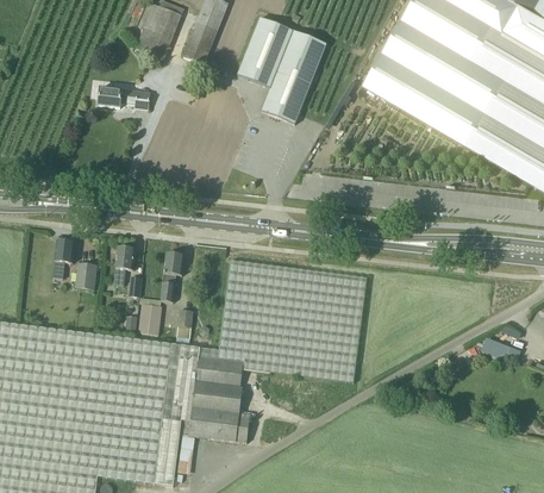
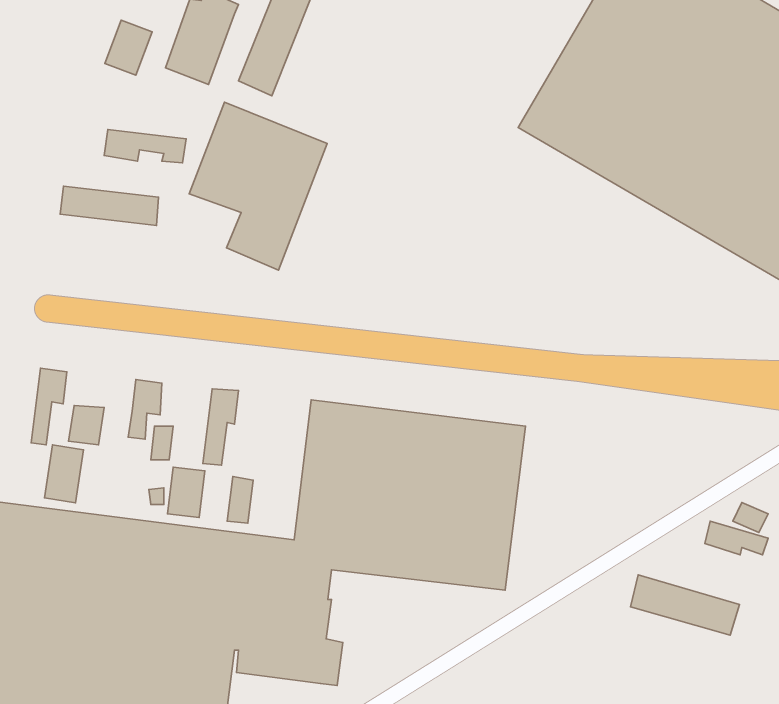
building: [237,17,325,124] -> [189,102,327,270]
building: none -> [105,20,152,75]
building: none -> [60,186,159,225]
building: none -> [44,445,84,503]
building: none -> [630,575,739,635]

